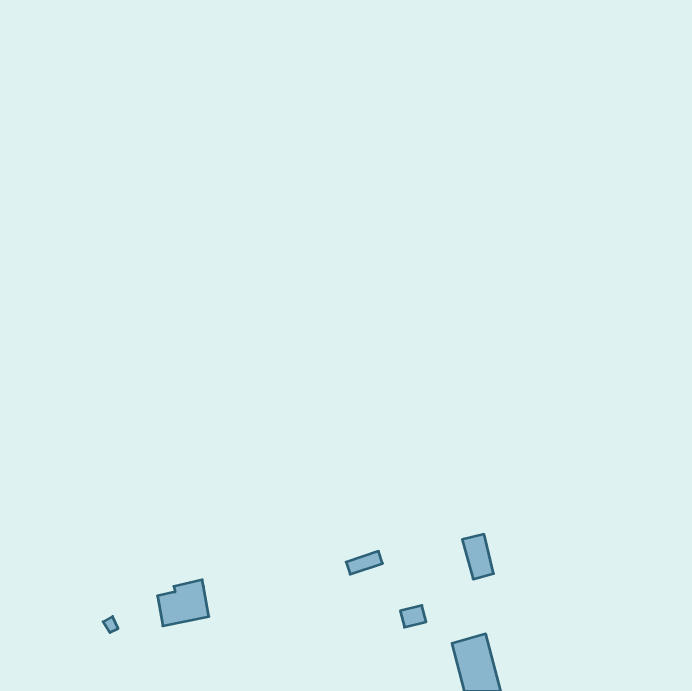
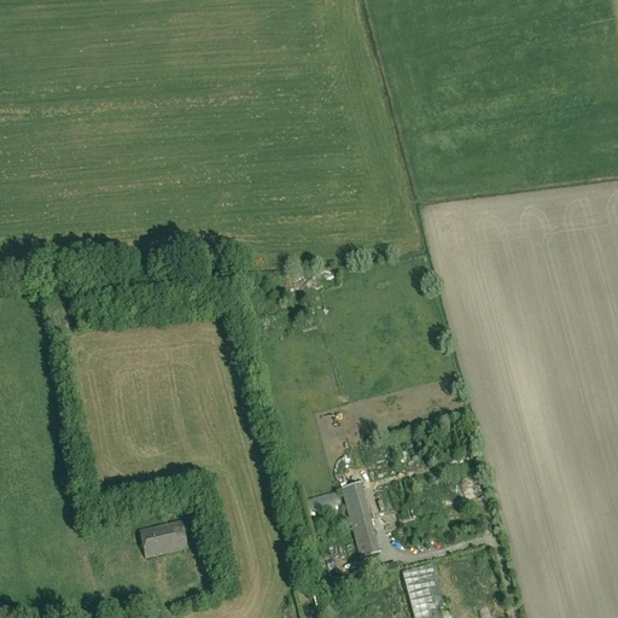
building: [462,534,494,579] -> [343,483,371,523]

